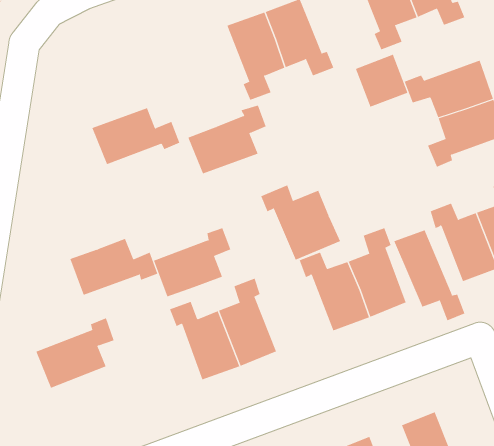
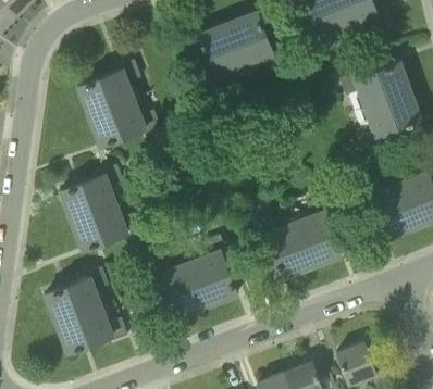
building: [355,54,408,108] -> none
building: [187,105,267,174] -> [77,60,140,115]
building: [261,184,341,261] -> none
building: [153,228,231,297] -> [61,164,123,219]
building: [394,229,465,321] -> none
building: none -> [57,305,127,352]

